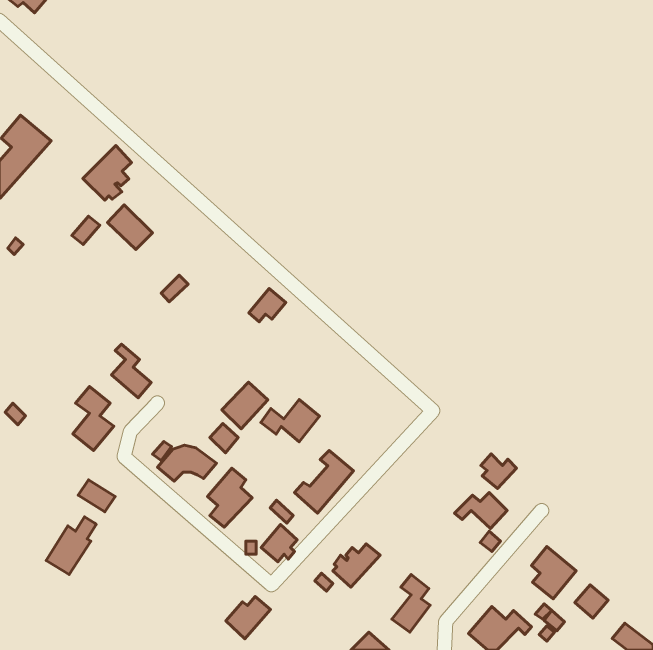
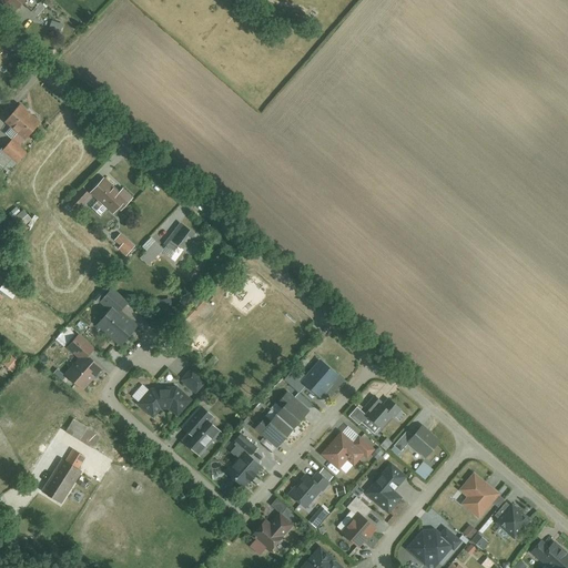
building: [83,145,131,200] -> none
building: [249,288,286,322] -> [162,220,194,248]
building: [222,382,268,429] -> none
building: [261,400,320,442] -> [290,359,341,396]
building: [481,454,517,488] -> [366,398,397,428]
building: none -> [323,430,371,466]
building: none -> [366,467,404,513]
building: [226,597,271,639] -> [252,515,291,551]

